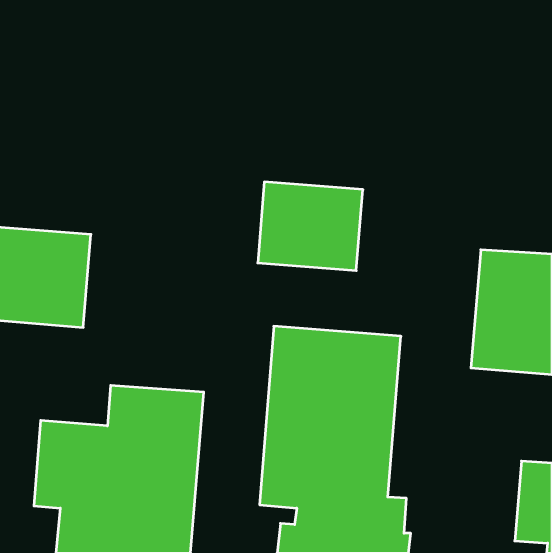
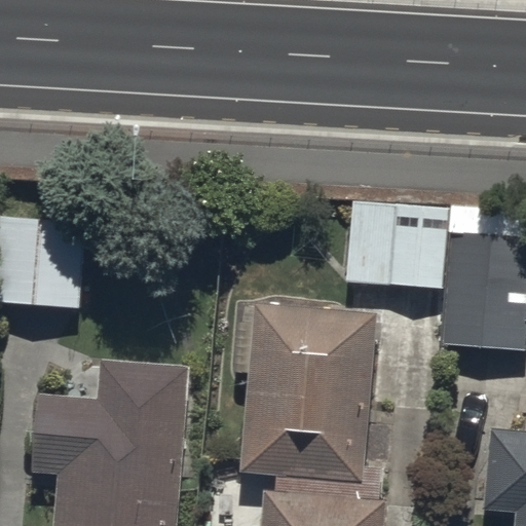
building: [258,182,363,271] -> [345,205,444,289]

